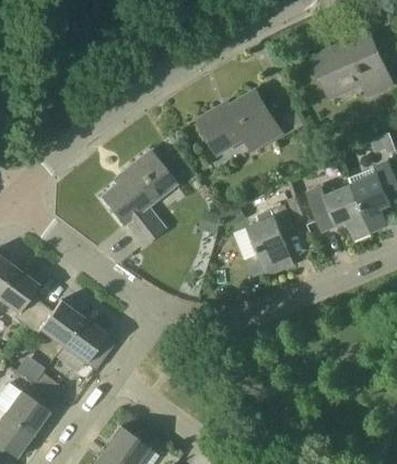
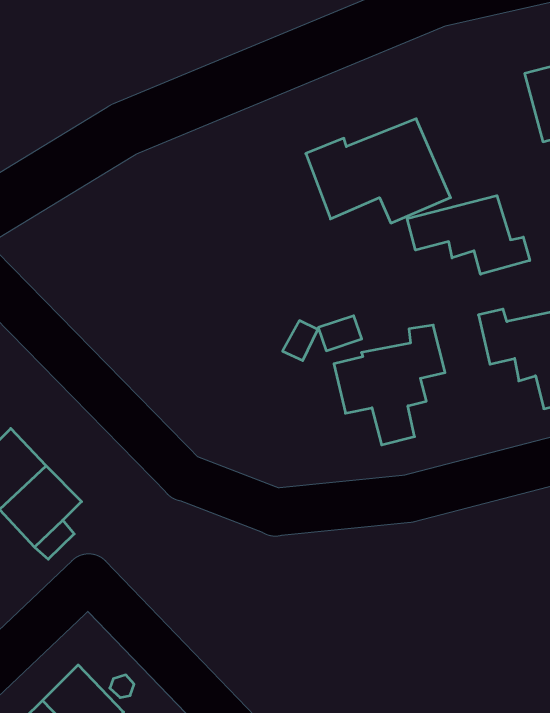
building: none -> [407,196,530,274]
building: [102,152,175,245] -> none

